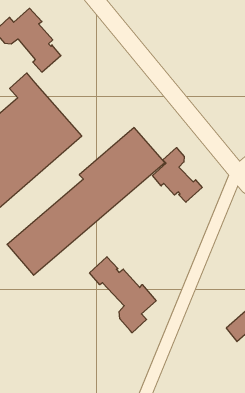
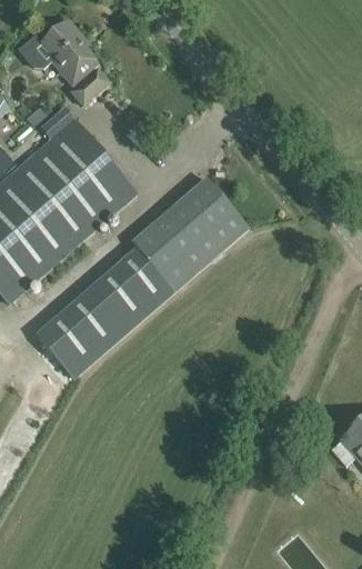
building: [152,148,202,202] -> none
building: [90,257,156,333] -> none

